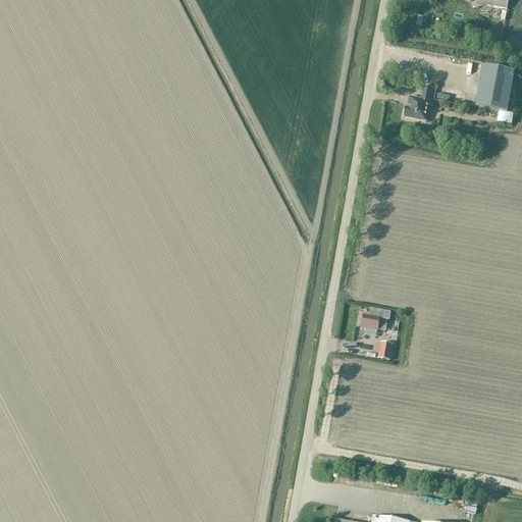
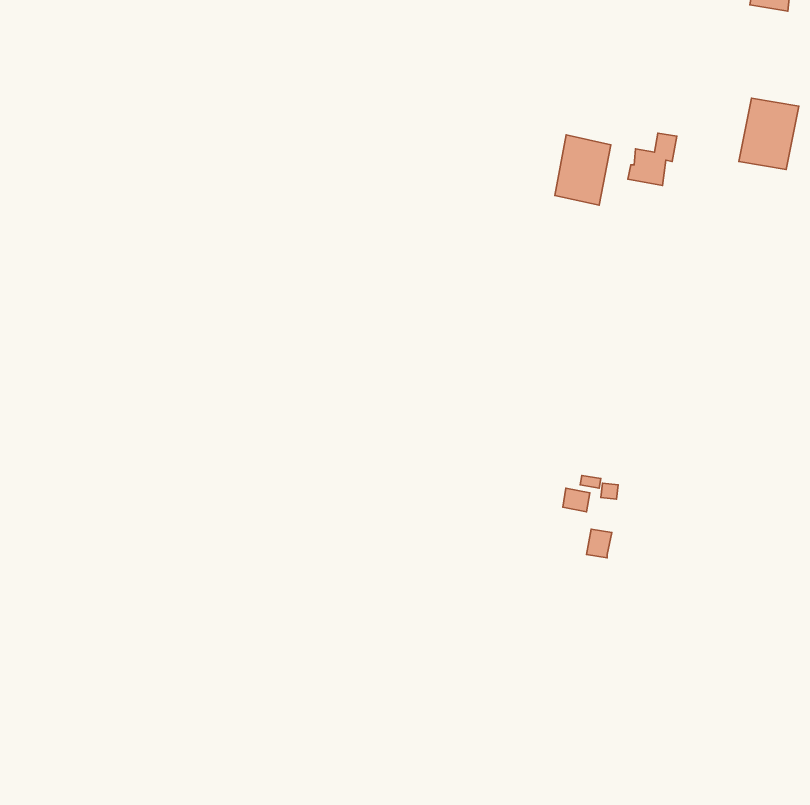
building: none -> [555,135,611,205]

